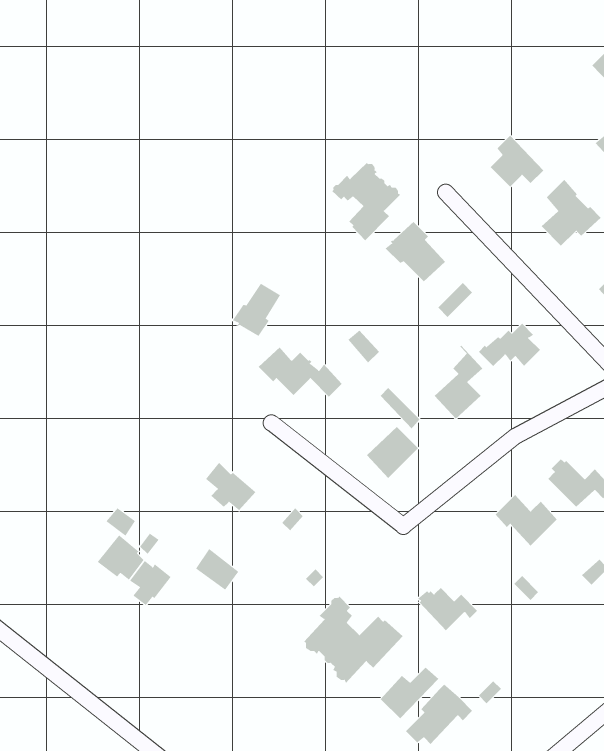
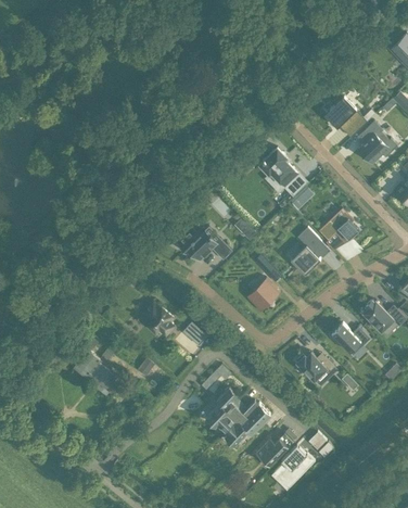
building: [332,162,401,241] -> none
building: [232,283,281,337] -> none
building: [417,587,478,631] -> [295,353,334,381]

